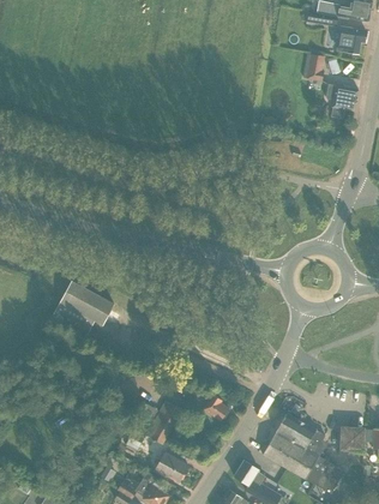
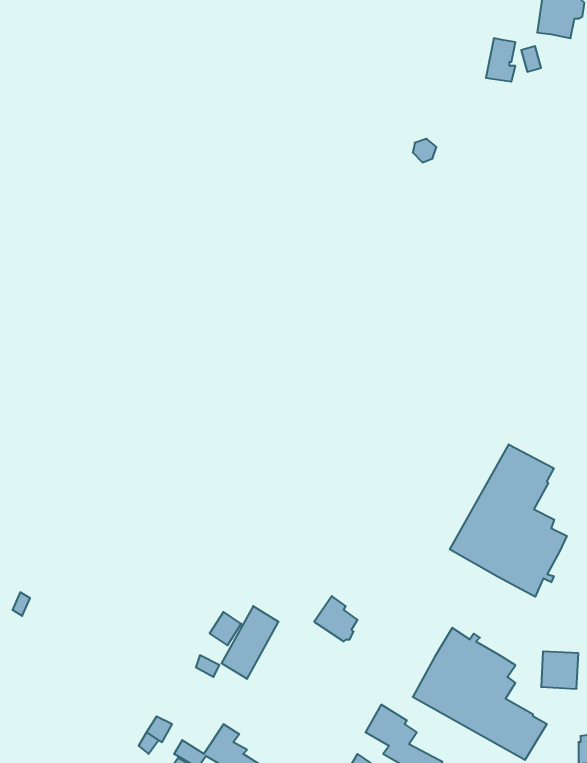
building: [325,84,357,118] -> none
building: [52,281,113,335] -> none
building: none -> [450,444,567,597]
building: [154,452,187,481] -> none

